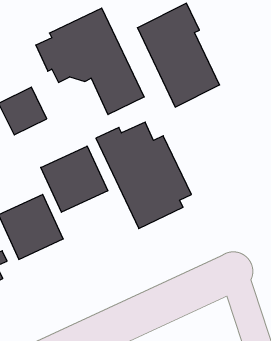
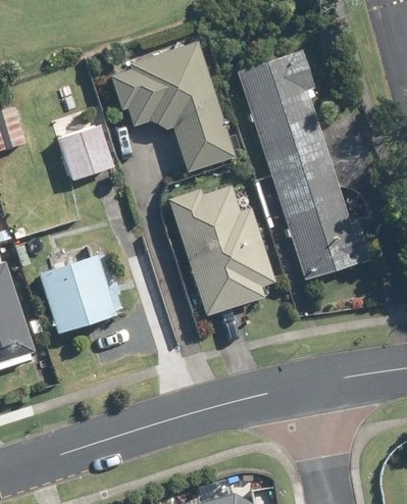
building: none -> [270,154,369,279]
building: [41,146,108,212] -> none

